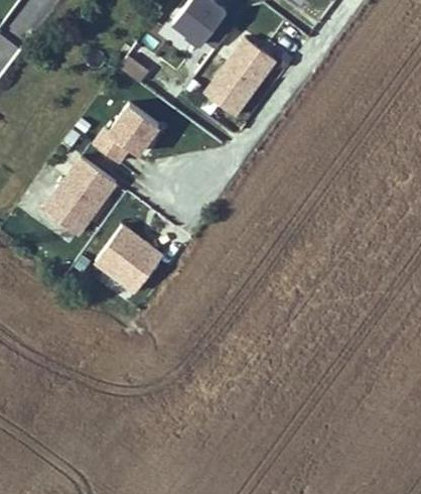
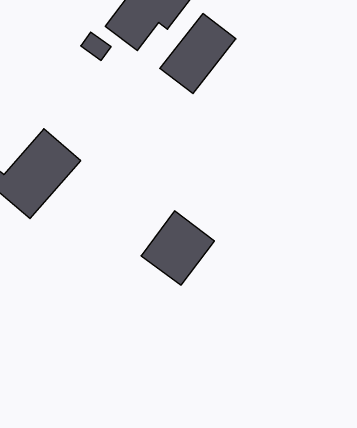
building: [93,97,160,168] -> none
building: [90,222,165,298] -> [141,211,214,285]

